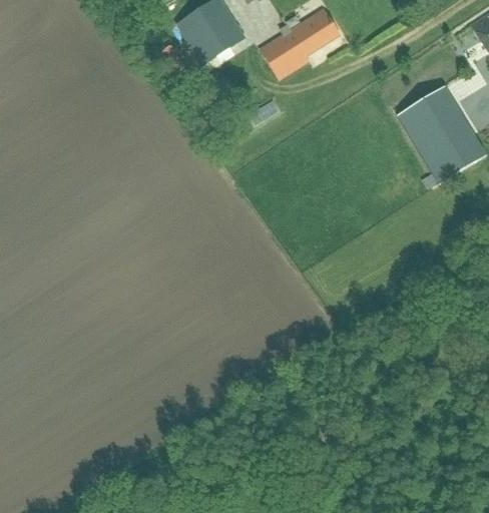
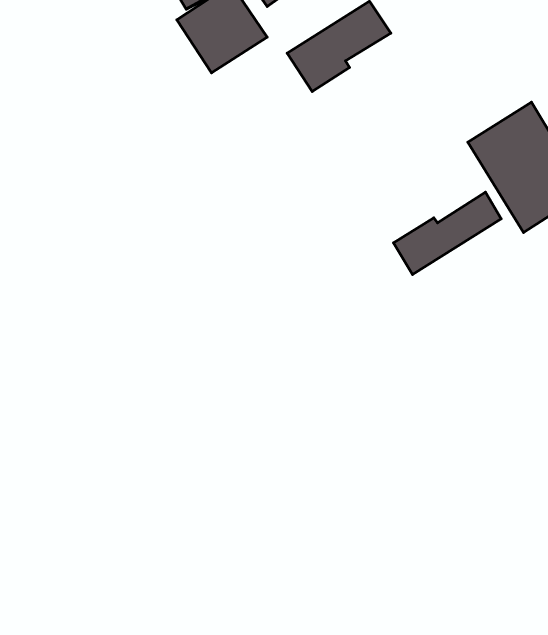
building: none -> [393,192,501,274]

